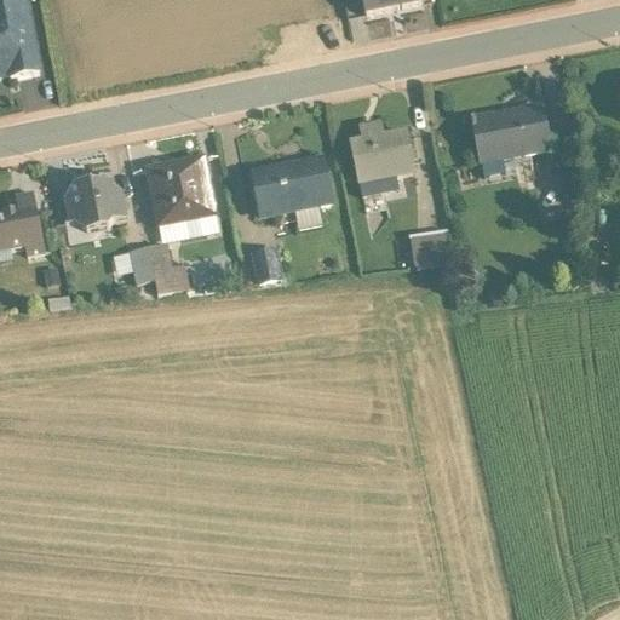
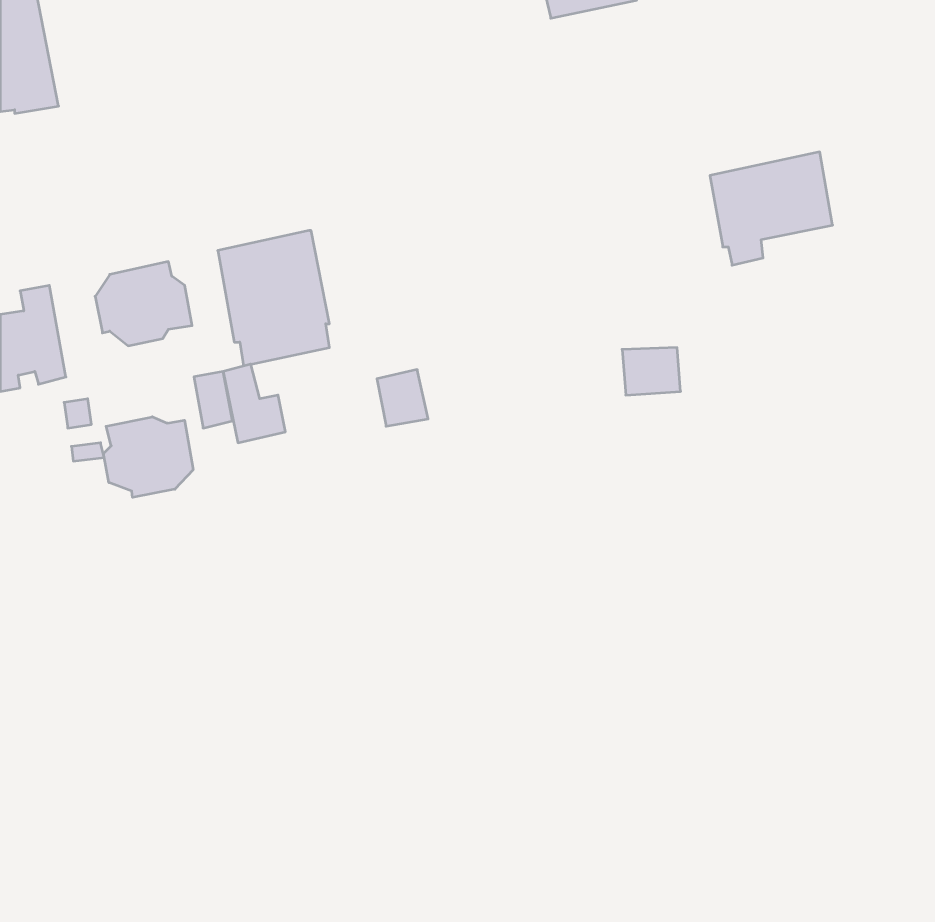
building: [348,117,415,195] -> none
building: [248,154,333,228] -> none
building: none -> [104,417,193,497]

